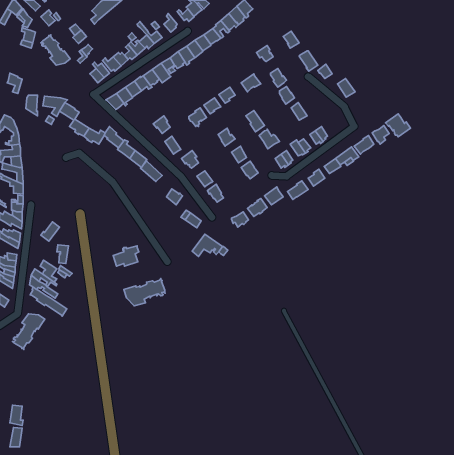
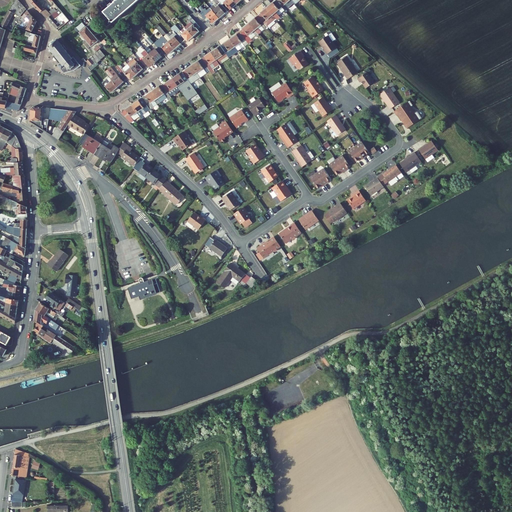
building: [386,114,411,137] -> [393,102,421,128]
building: [124,278,165,306] -> none
building: [13,314,45,349] -> none

